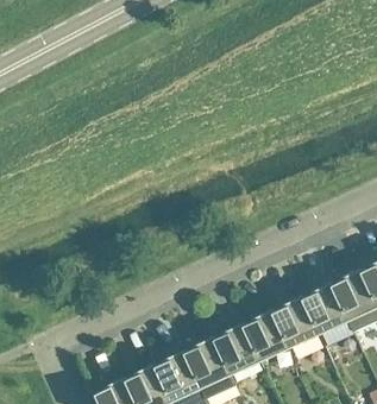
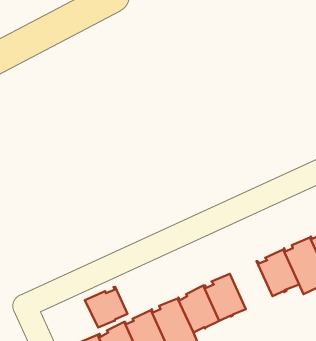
building: [271,295,319,348] -> none
building: none -> [85,287,128,328]

